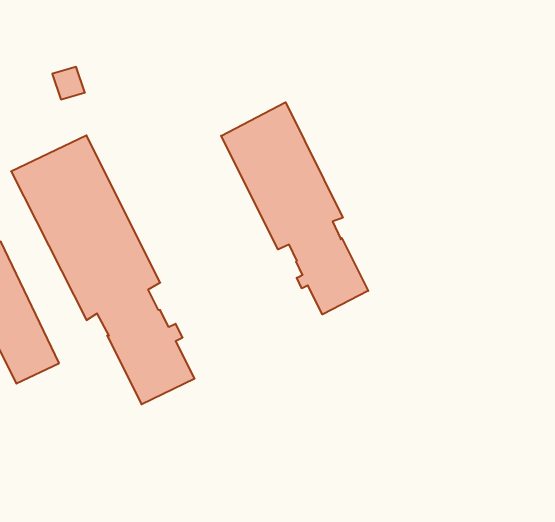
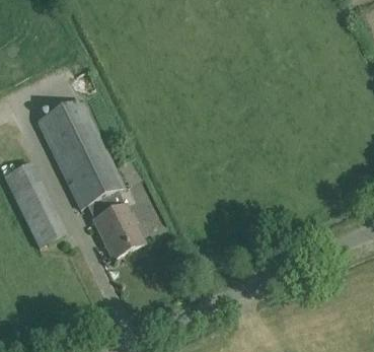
building: [221,102,368,314] -> none

